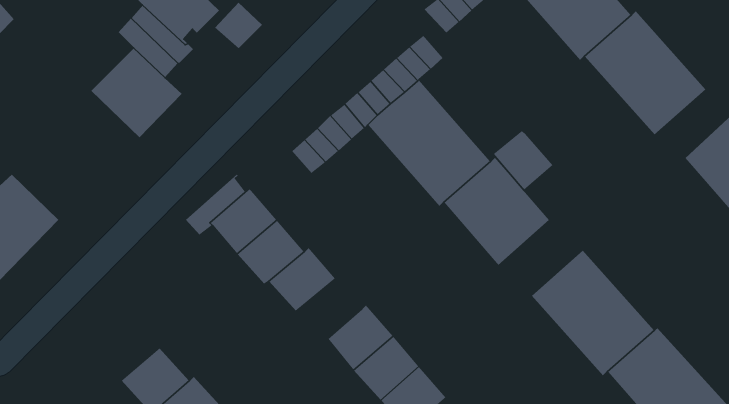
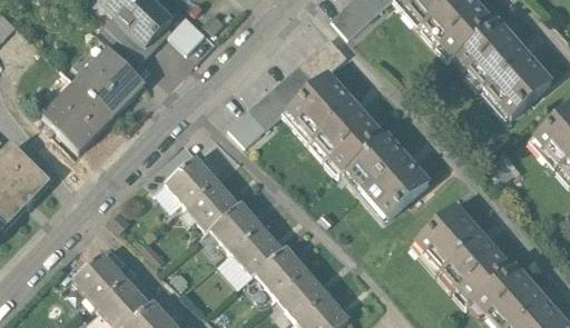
building: none -> [41,81,111,151]
building: [493,130,554,190] -> none
building: none -> [233,227,284,277]
building: none -> [73,255,127,306]

